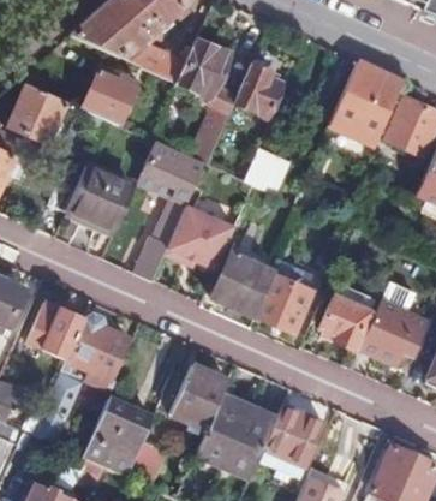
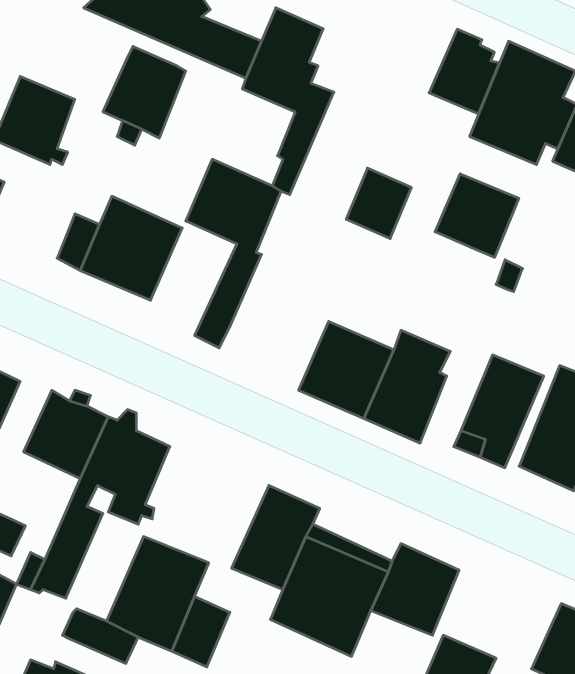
building: [234,60,282,118] -> [429,29,500,114]
building: none -> [435,174,519,257]
building: [167,205,237,270] -> none

